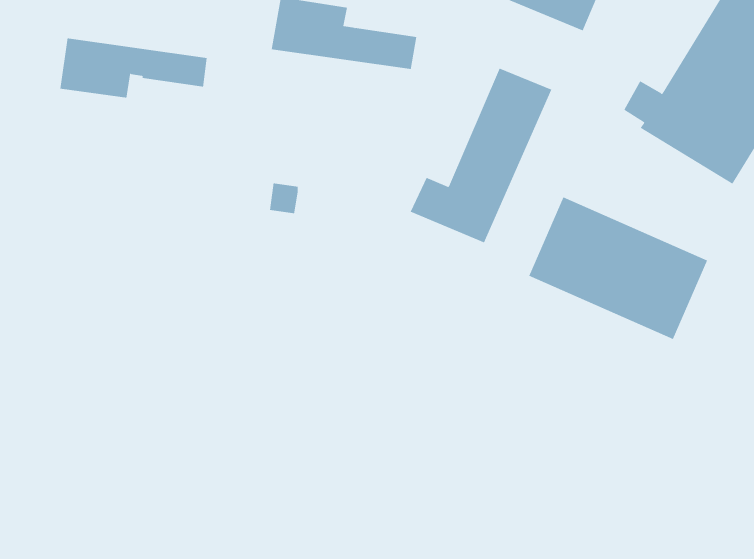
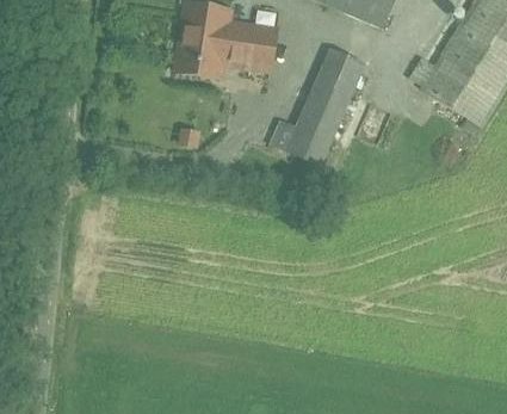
building: [60,38,207,98] -> [175,37,272,76]
building: [528,196,708,340] -> none

